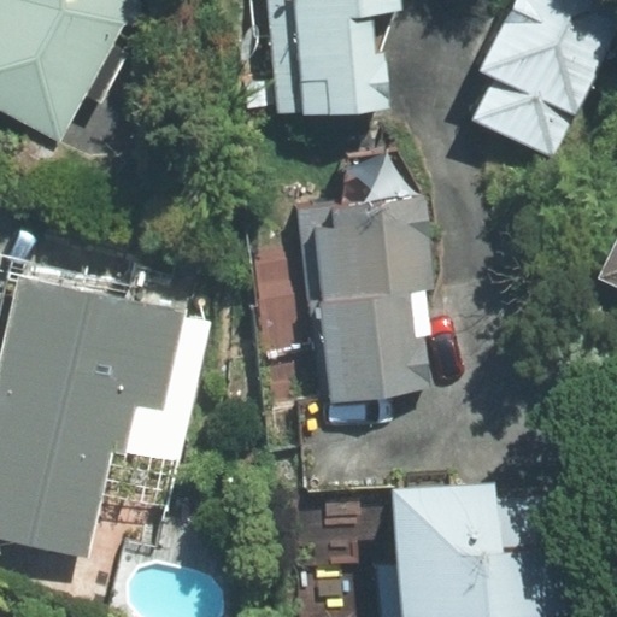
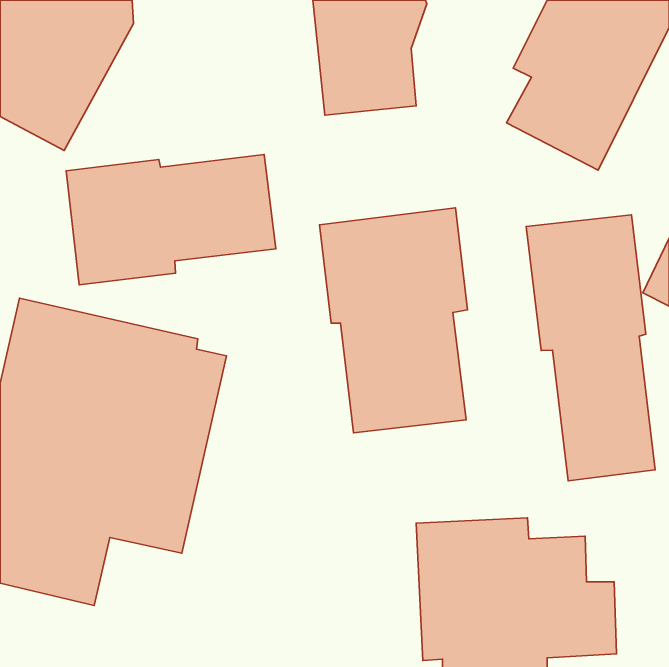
building: none -> [66,155,276,285]
building: none -> [526,215,655,481]

